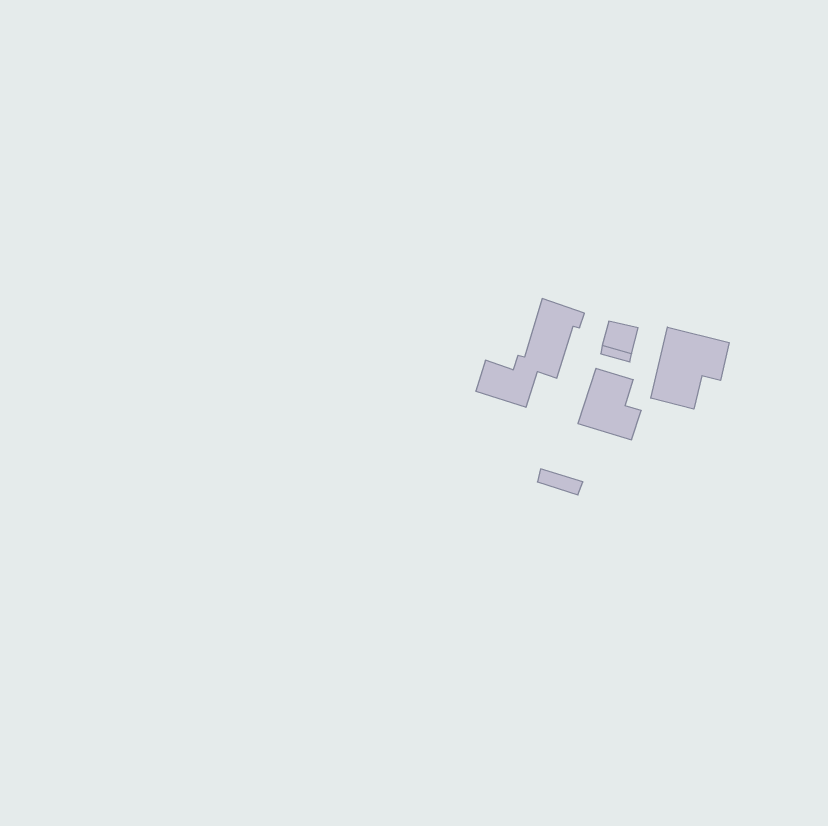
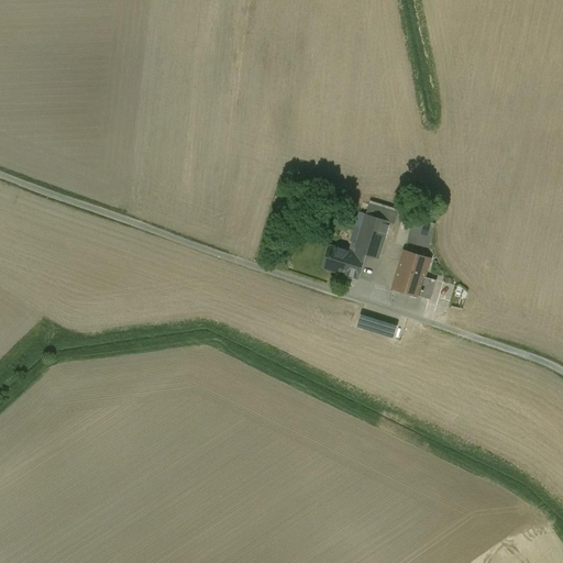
building: [651,327,729,409] -> none

